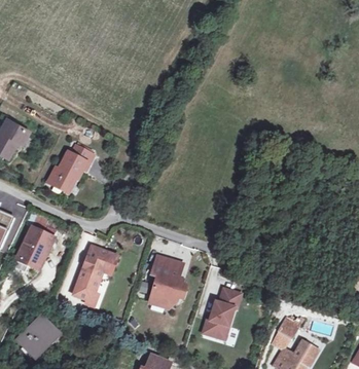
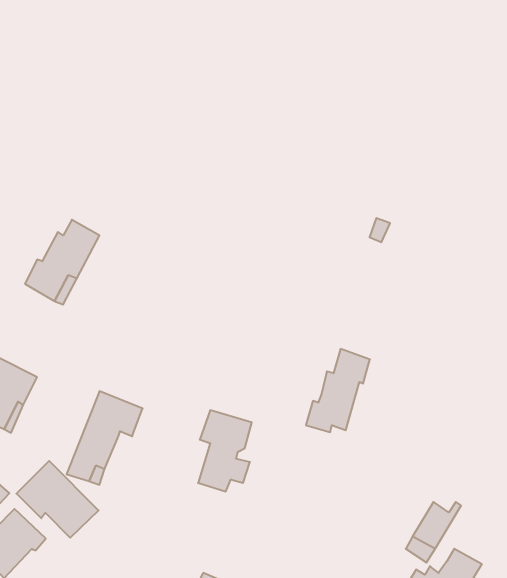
building: none -> [16,461,99,538]
building: [203,288,241,337] -> [306,349,370,432]

